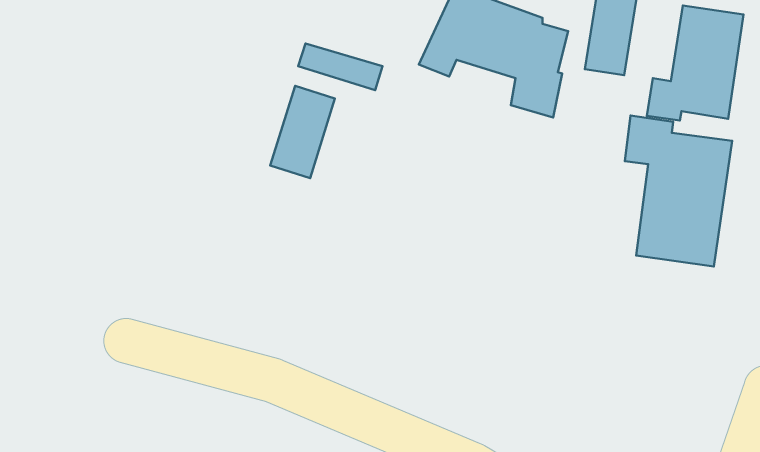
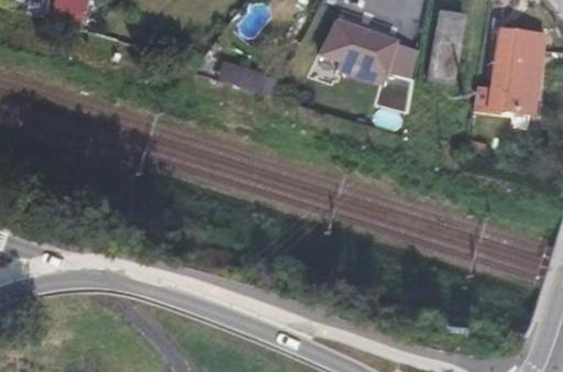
building: [270,86,335,178] -> none
building: [625,115,732,266] -> none

